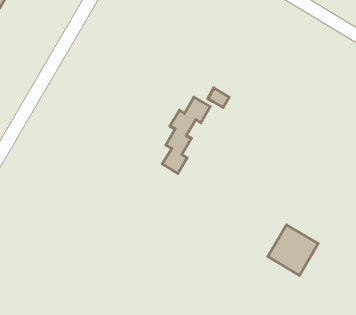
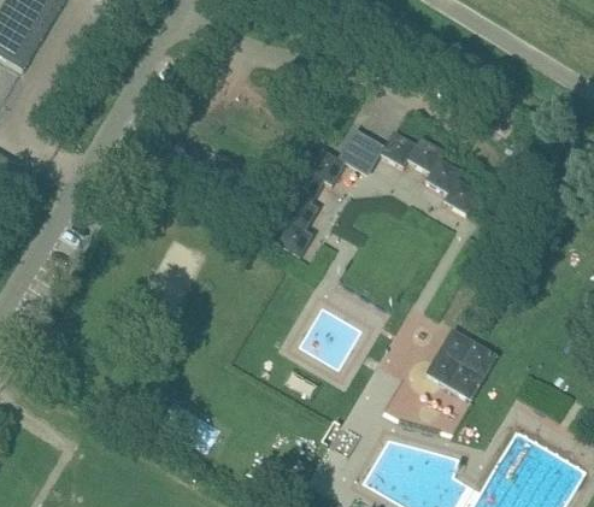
building: none -> [378,130,478,214]

